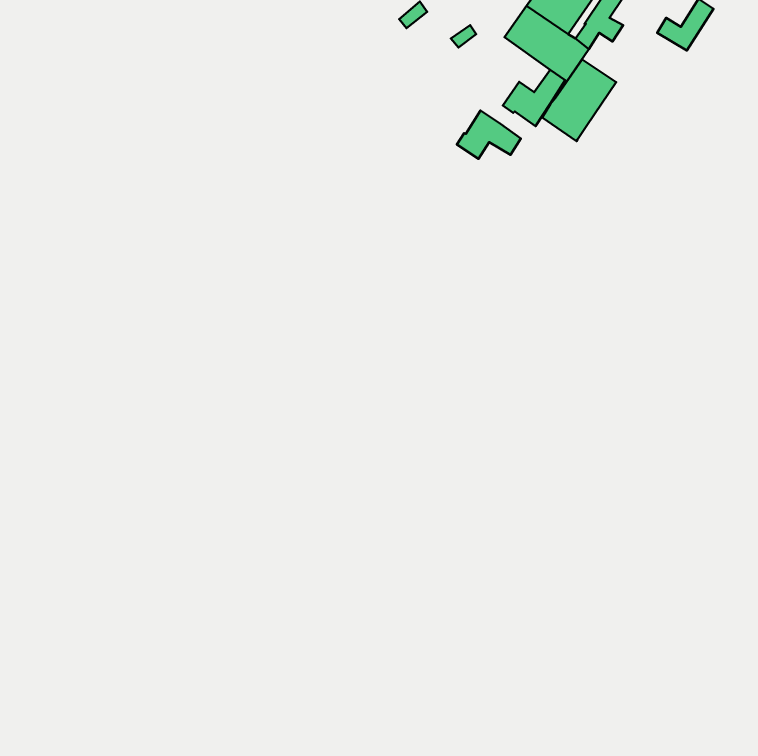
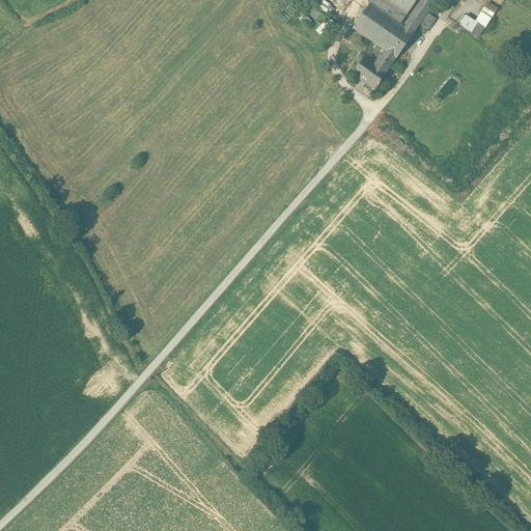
building: [542,60,616,141] -> none
building: [457,111,521,159] -> none

